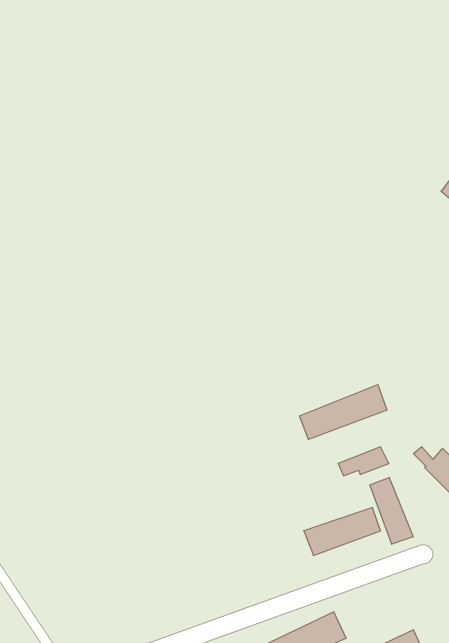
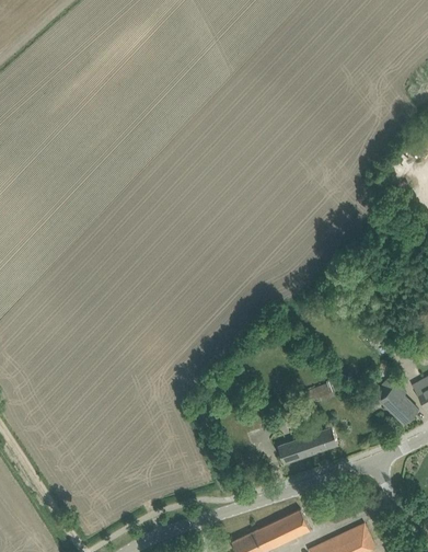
building: [299,385,387,440] -> none
building: [370,477,413,544] -> none

